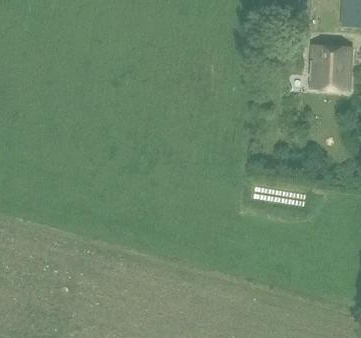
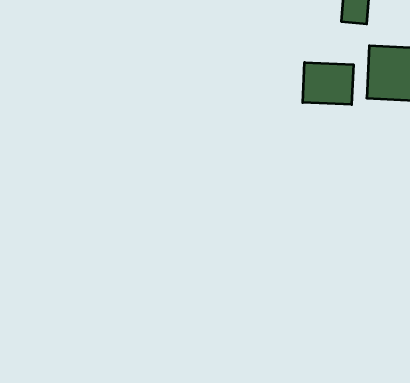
building: none -> [303,62,353,105]

